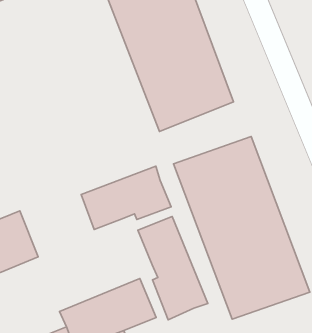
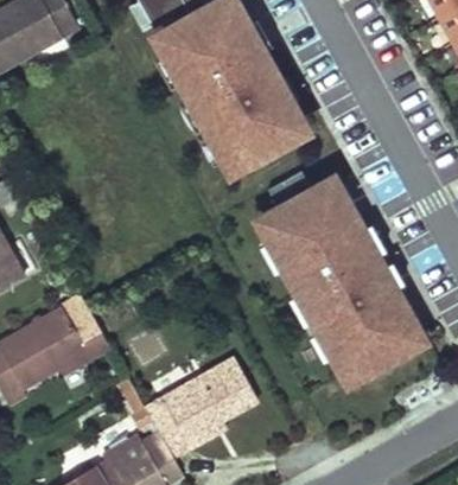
building: [81,166,171,230] -> none
building: [138,216,208,320] -> none

